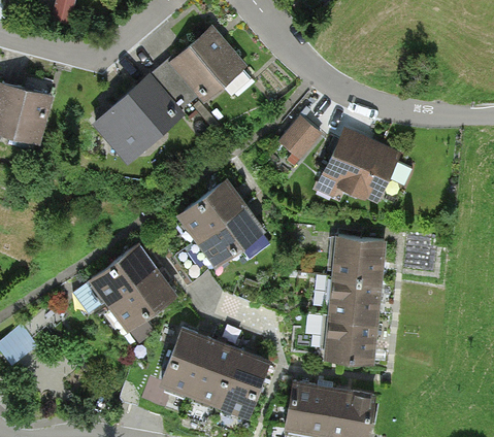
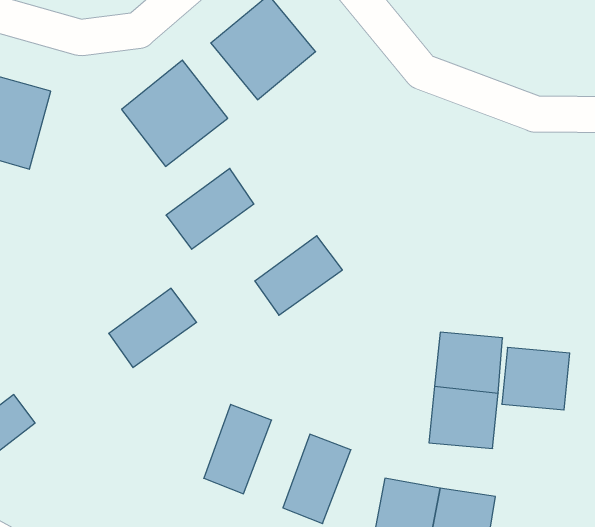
building: [274,120,320,165] -> none
building: [314,128,401,211] -> none
building: [180,179,244,238] -> [166,168,254,249]
building: [334,234,384,279] -> [502,347,570,410]
building: [110,268,174,342] -> none
building: [191,339,239,403] -> none

